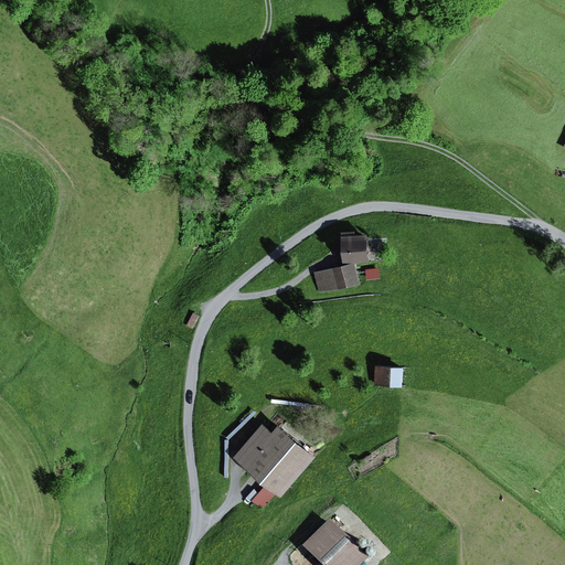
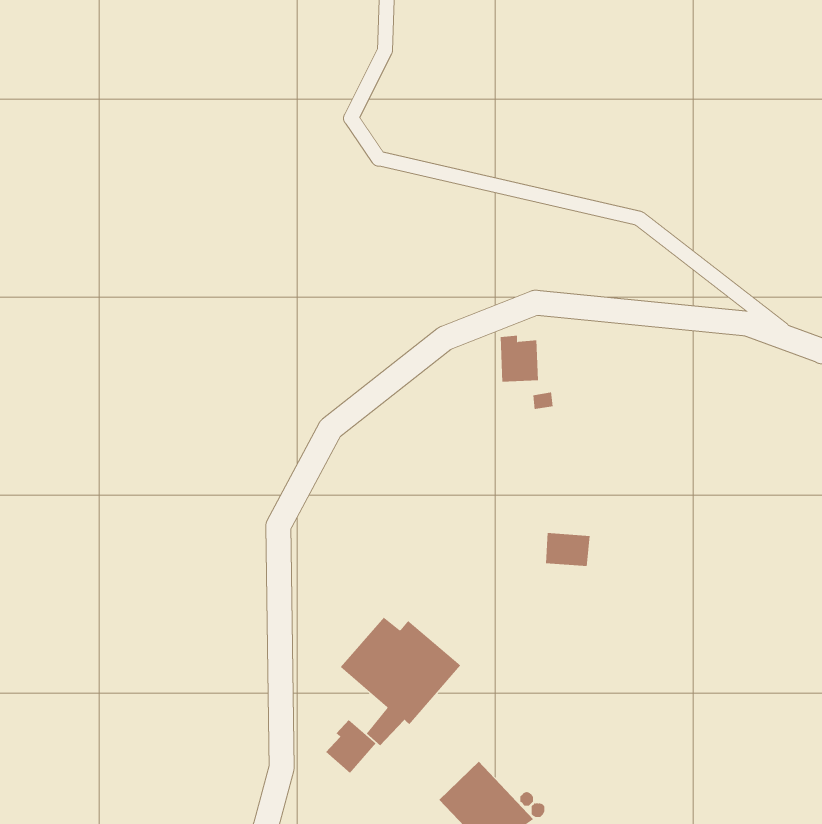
building: [311,264,358,295] -> none
building: none -> [325,719,377,774]

